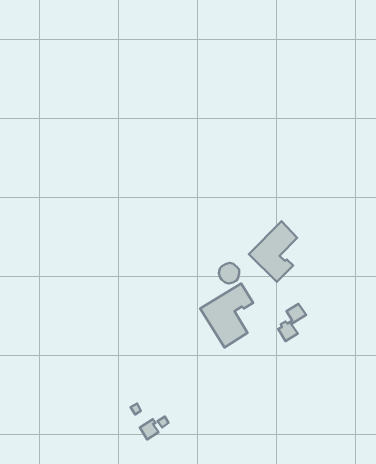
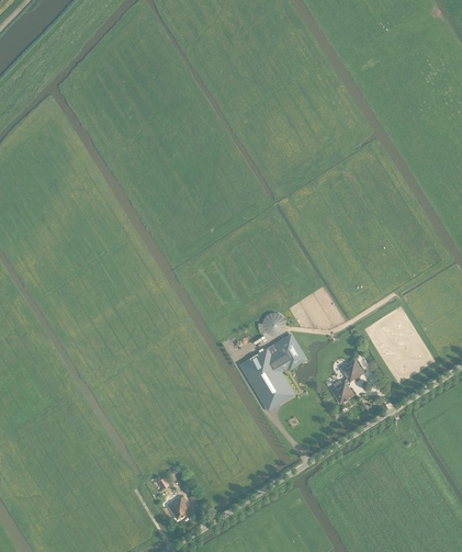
building: [249,221,297,282] -> none

